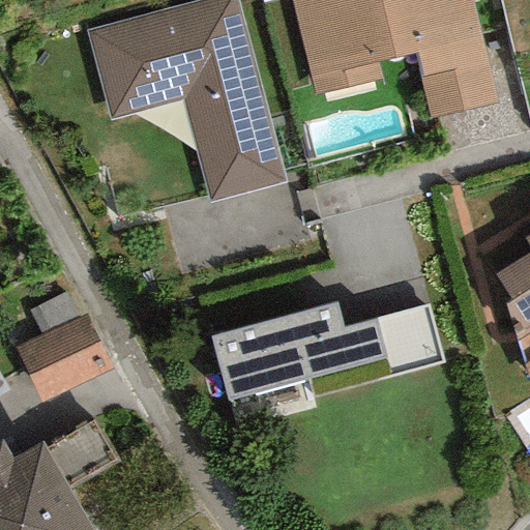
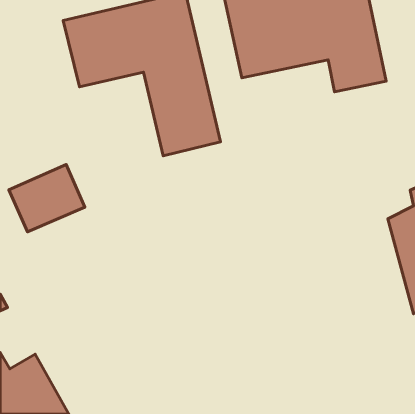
building: [213,295,455,429] -> none
building: [19,317,115,402] -> [9,165,85,232]

